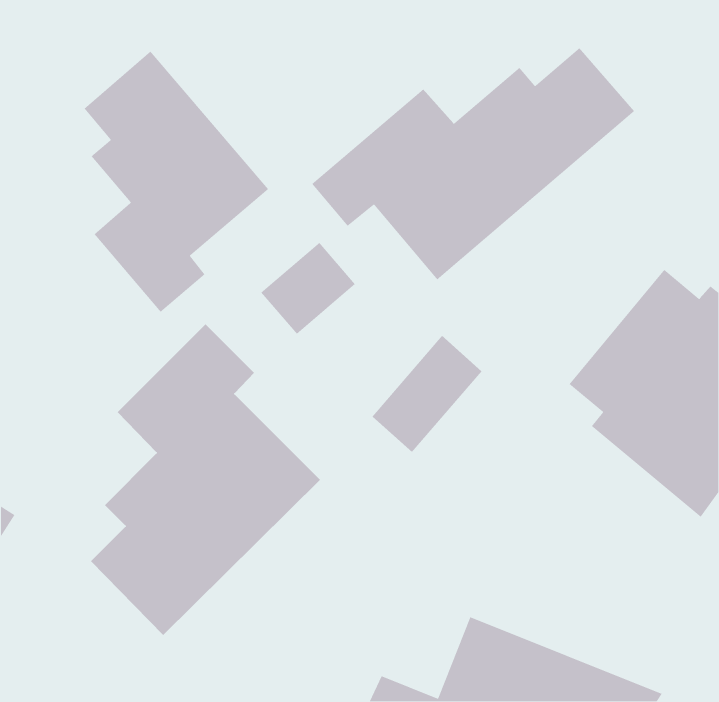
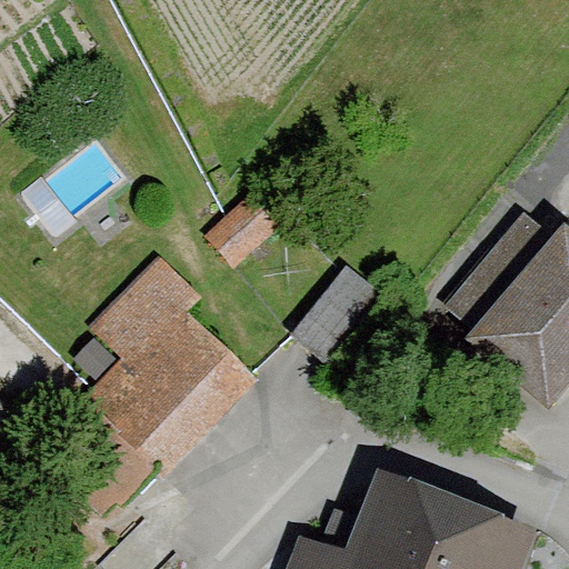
building: [311,47,635,281] -> none
building: [83,51,269,313] -> none

